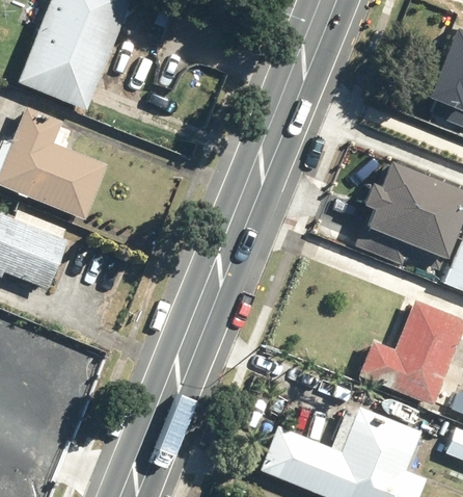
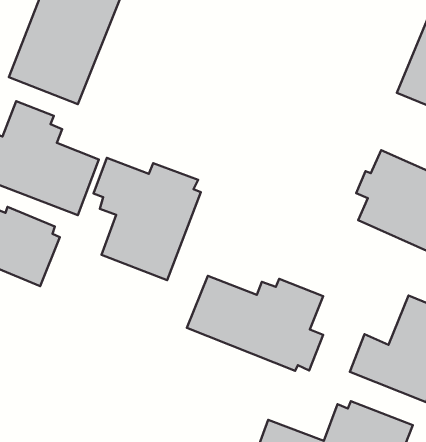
building: none -> [93,158,201,280]
building: none -> [187,276,323,371]

